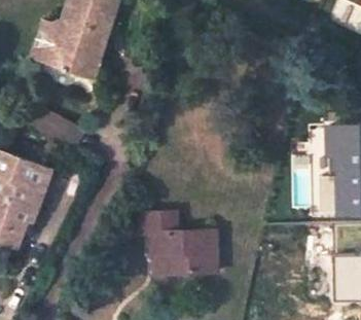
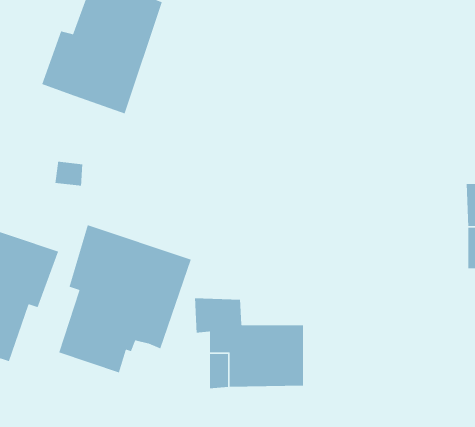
building: none -> [58,224,192,374]

